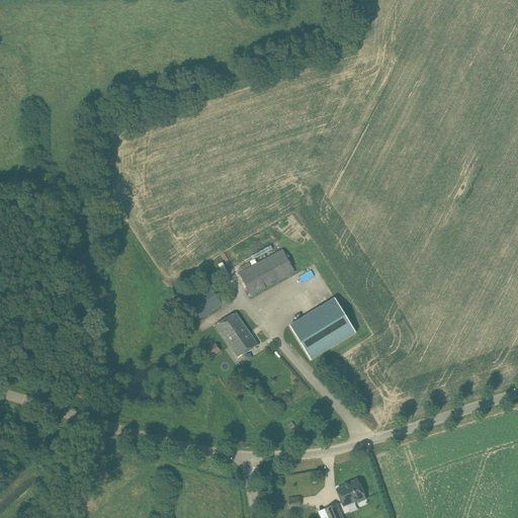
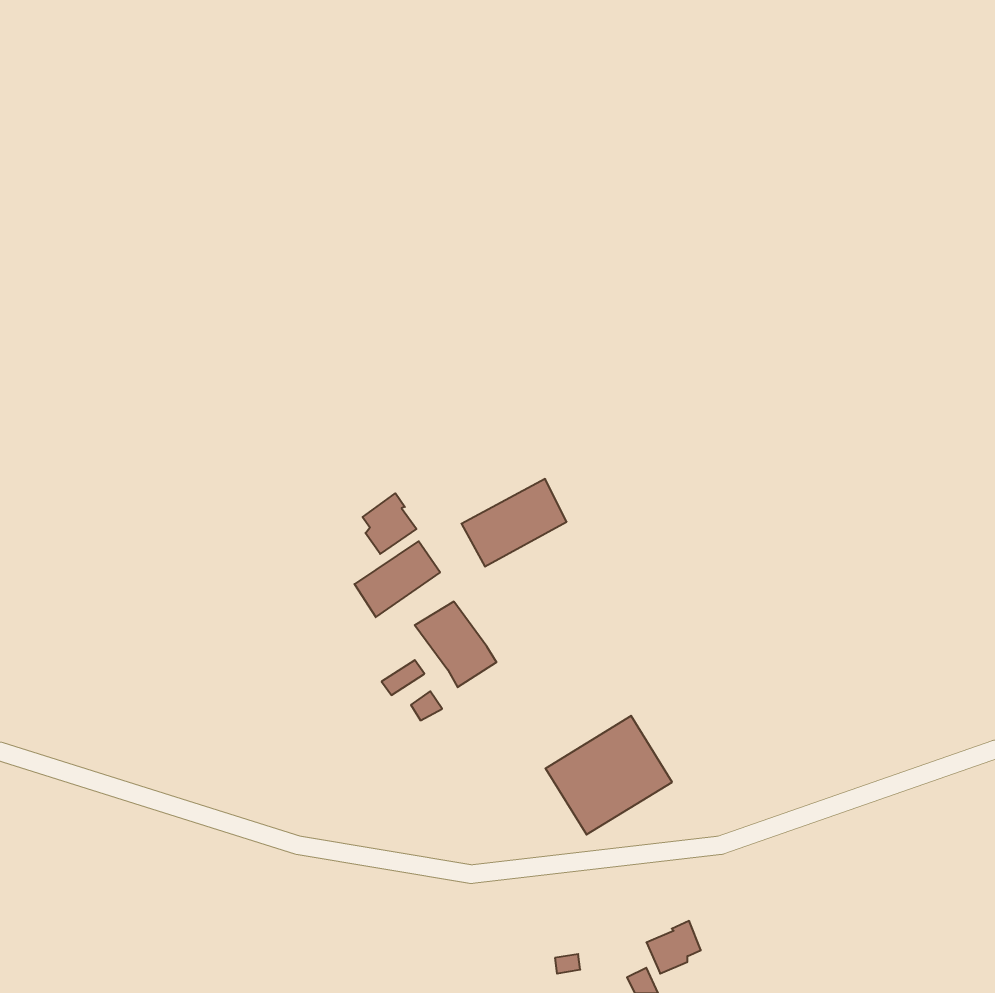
building: none -> [363,493,416,554]
building: [290,297,356,359] -> [545,716,672,835]

